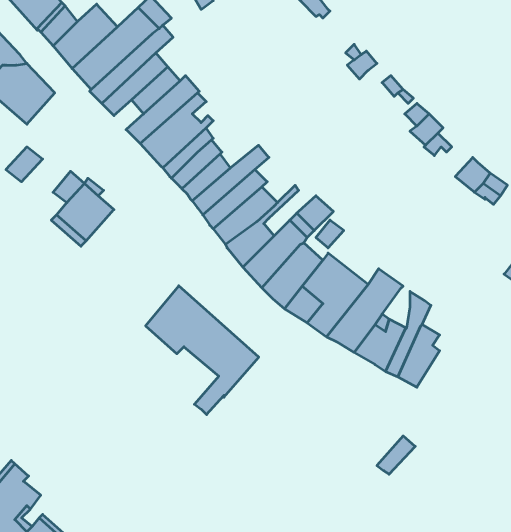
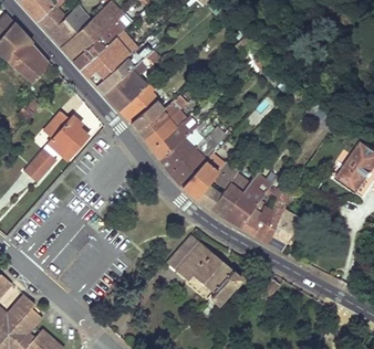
building: none -> [23,148,55,181]
building: [146,286,259,415] -> [168,235,240,317]

